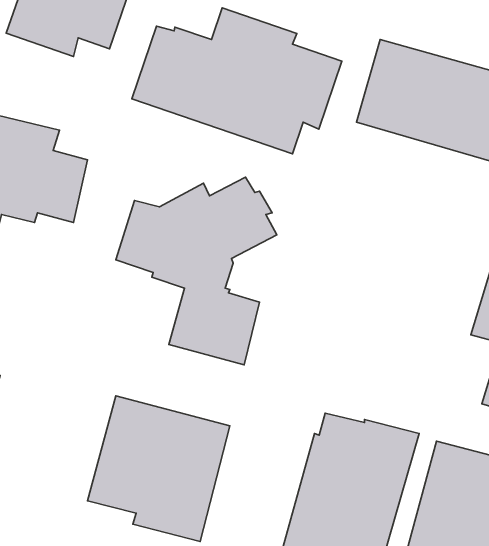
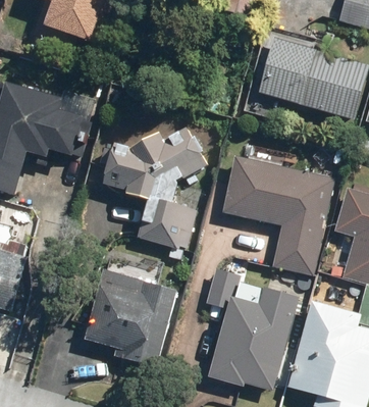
building: [132,8,342,154] -> none
building: none -> [222,155,333,273]

